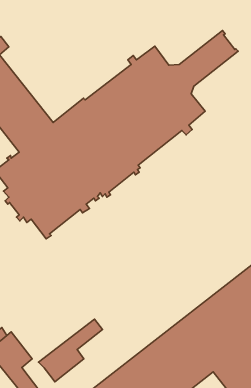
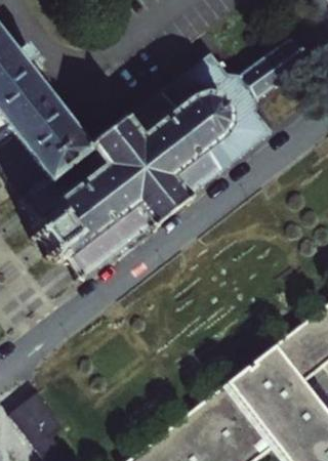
building: [38,319,103,382] -> none

